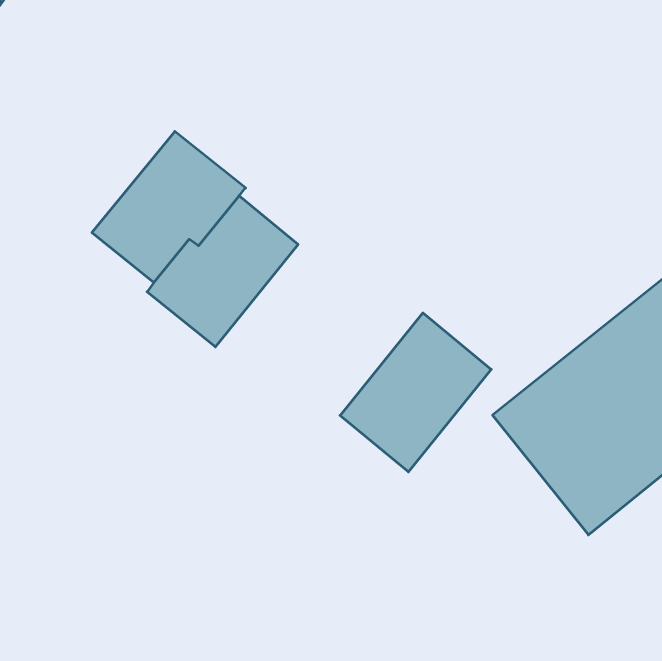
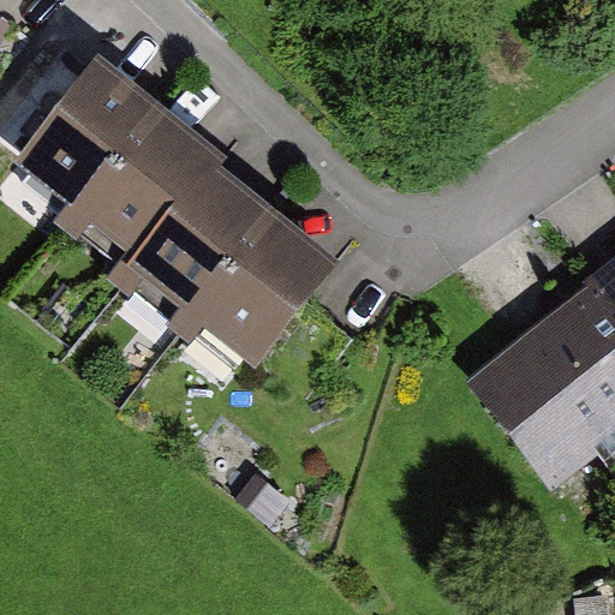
building: none -> [29,68,168,213]
building: [340,313,491,472] -> [205,223,344,369]

